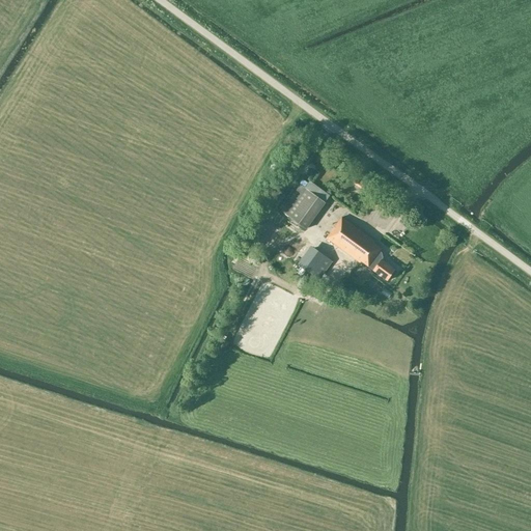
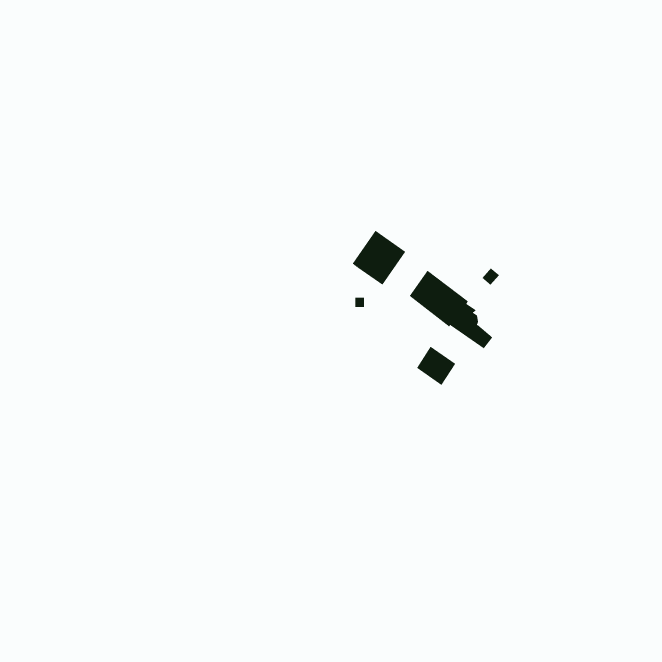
building: [300,248,332,280] -> [416,346,456,386]

